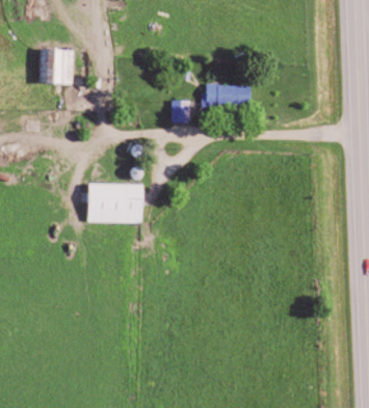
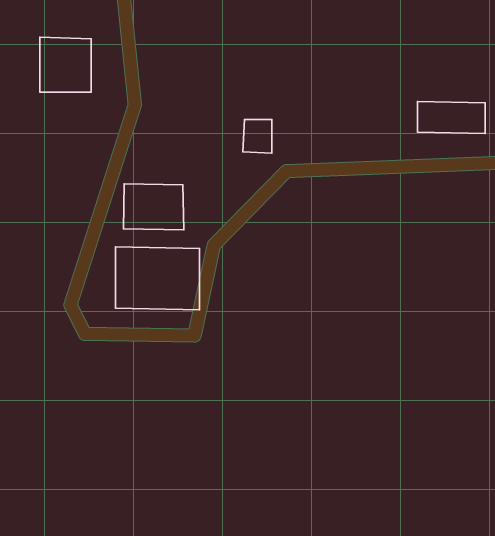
building: [206,85,249,106] -> [417,101,485,134]
building: none -> [123,184,184,230]

